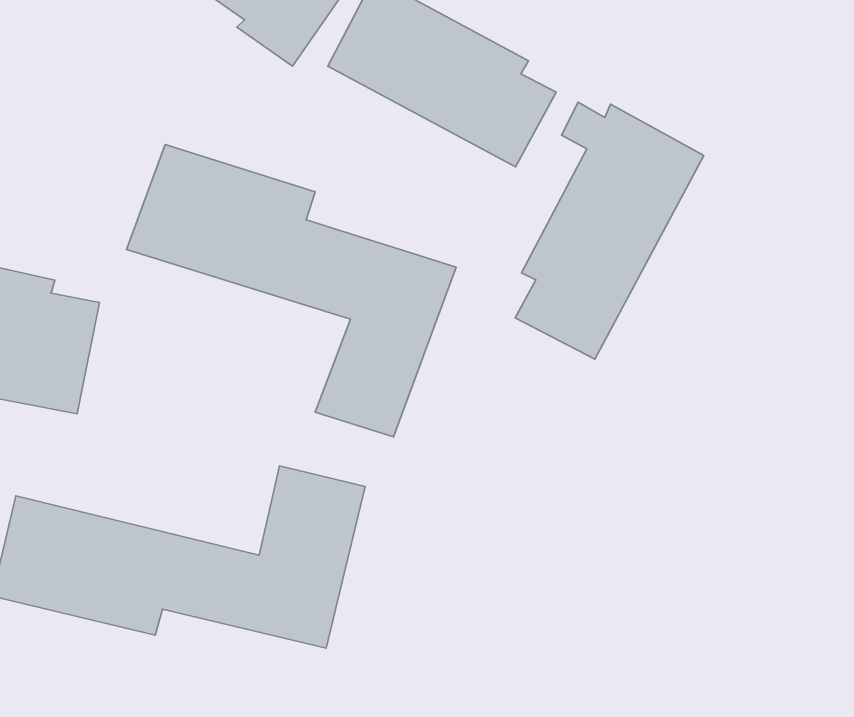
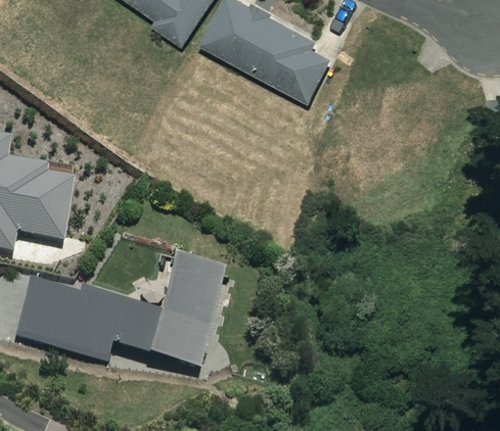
building: [515,102,704,359] -> none
building: [126,144,456,437] -> none

